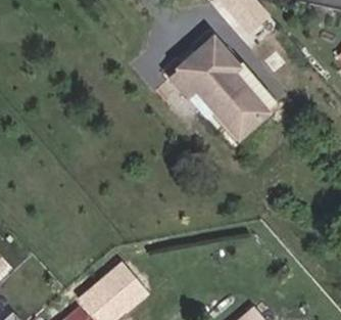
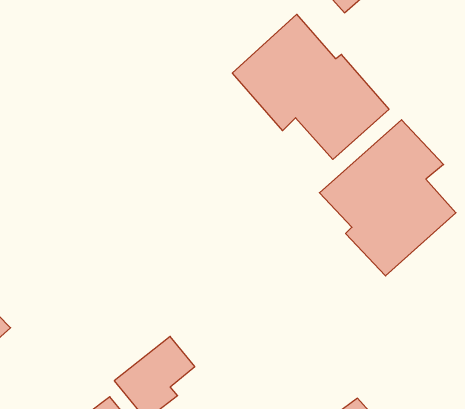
building: none -> [319,120,456,276]

